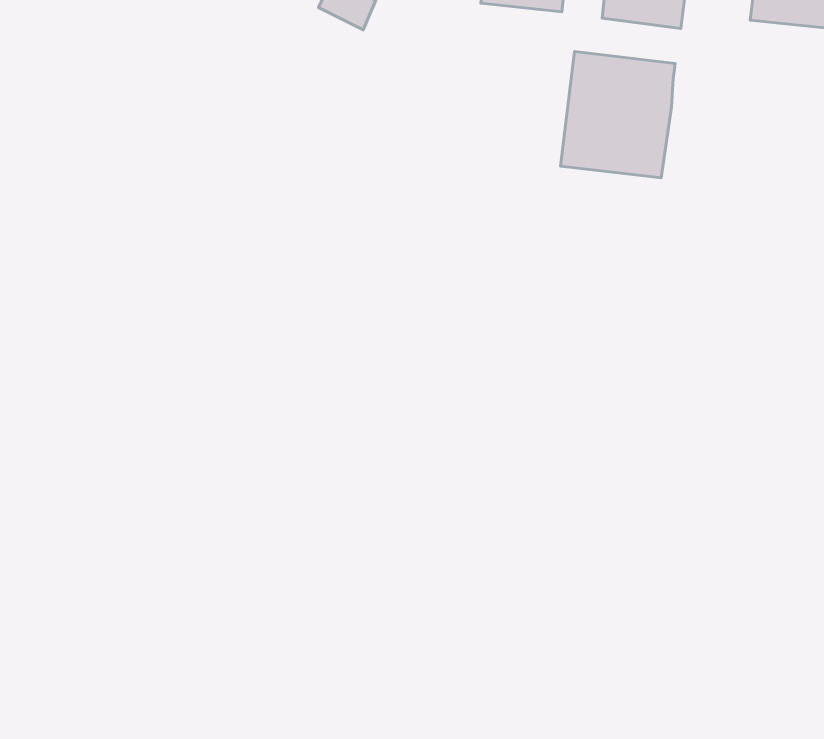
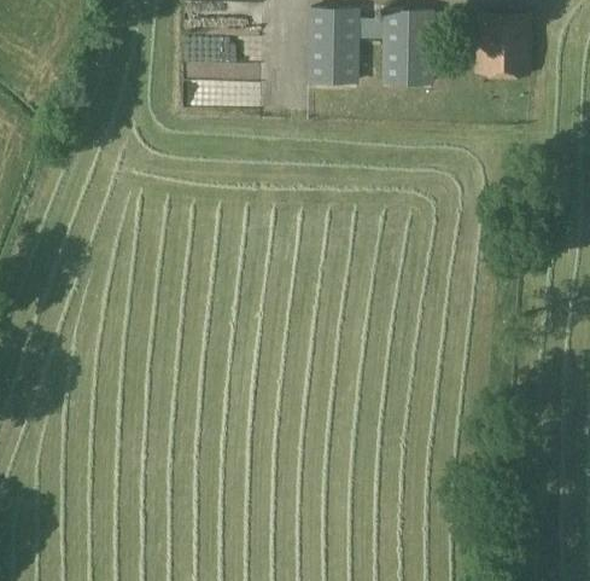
building: [560,52,675,178] -> none

